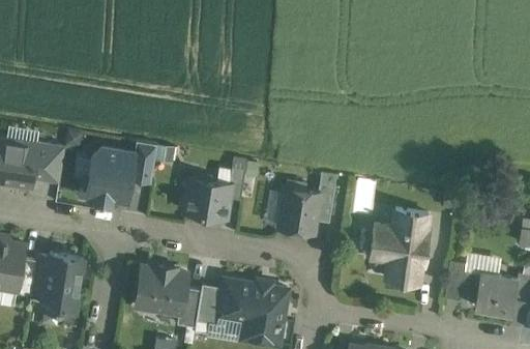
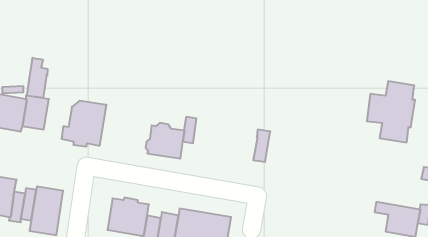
building: none -> [27,58,48,98]
building: [130,142,156,182] -> none
building: [278,190,319,234] -> none
building: [370,210,429,285] -> [367,81,415,142]
building: [444,262,466,301] -> none

